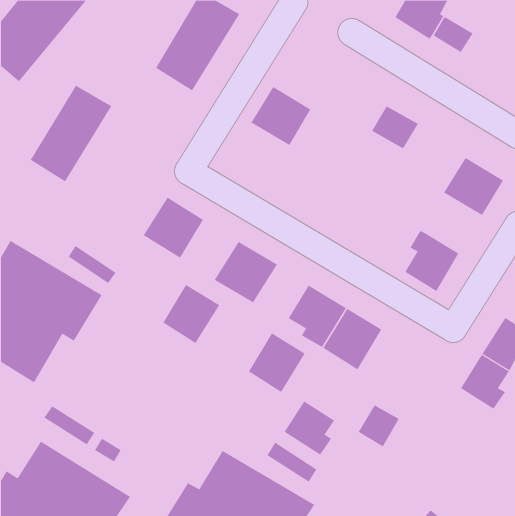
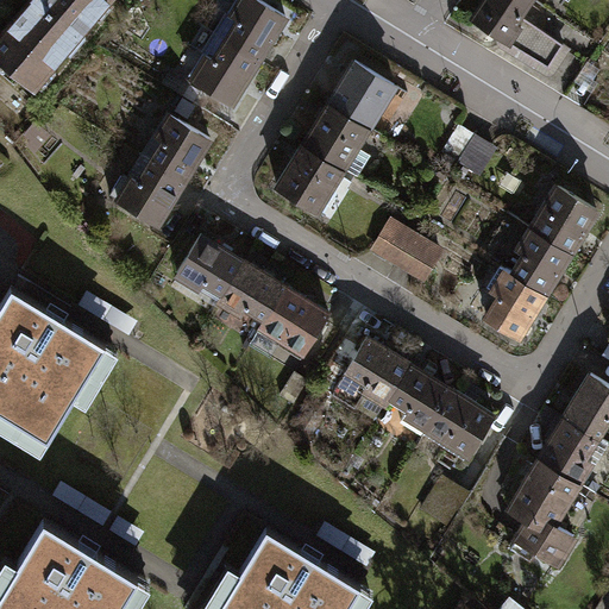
building: none -> [324,62,394,131]
building: [30,85,112,182] -> [113,115,209,230]
building: none -> [272,146,344,215]
building: none -> [368,219,442,287]
building: none -> [503,228,570,300]
building: [162,284,220,344] -> [215,260,283,331]
building: none -> [423,389,496,463]
building: [248,333,306,393] -> none
building: none -> [514,458,583,564]
building: [284,401,335,455] -> none

